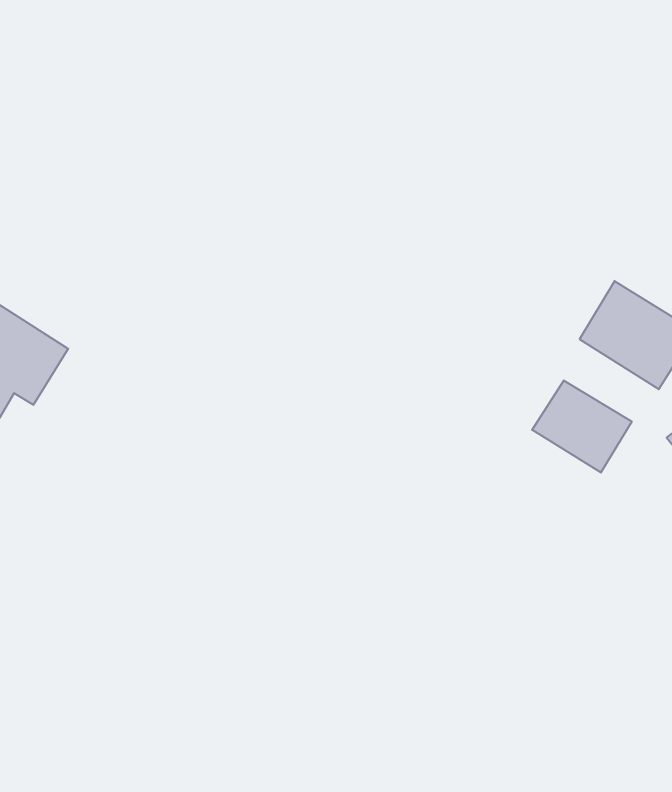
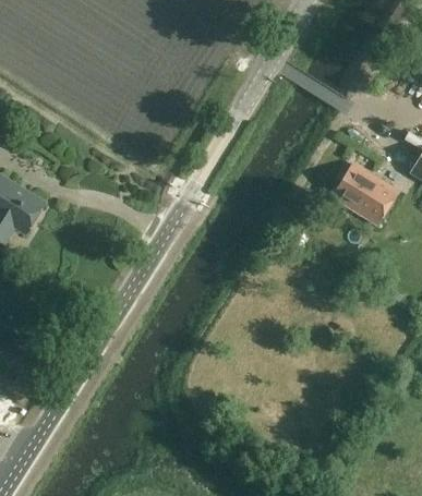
building: [532,380,632,473] -> none

